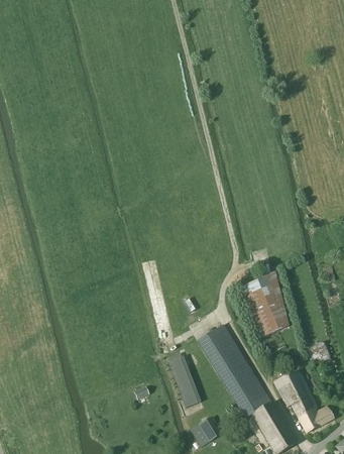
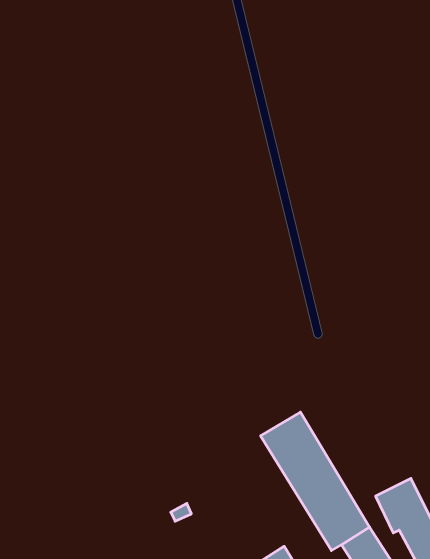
building: [239,270,289,337] -> none
building: [166,355,201,408] -> none

